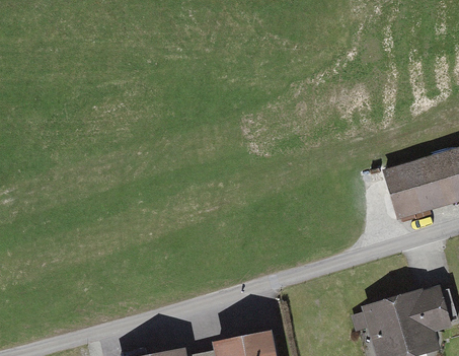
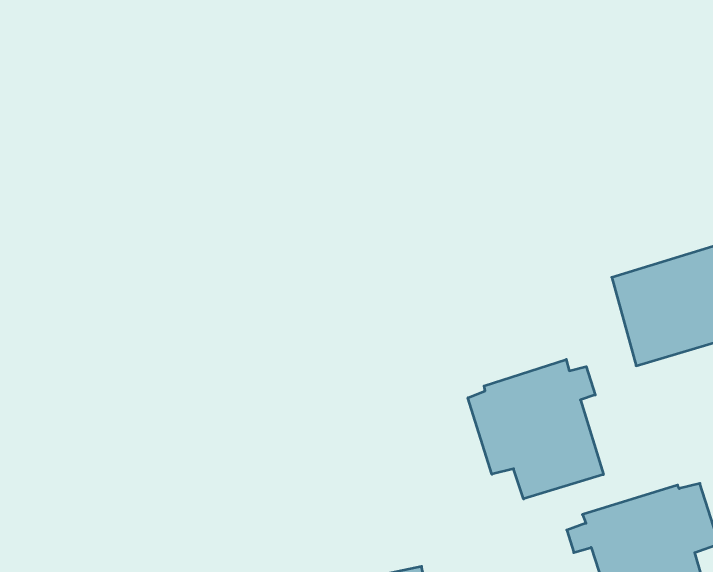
building: none -> [468,359,603,499]

